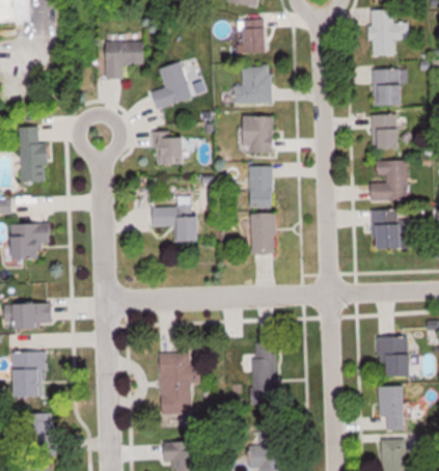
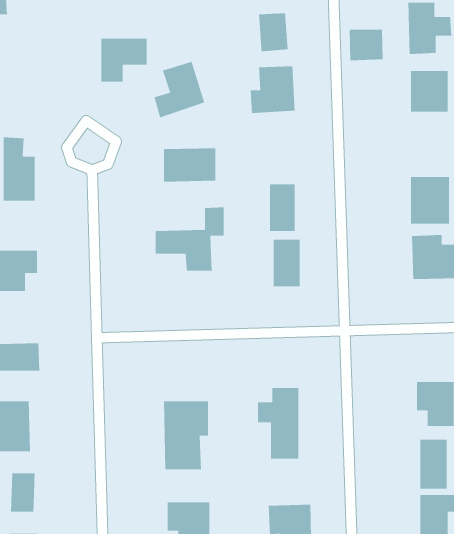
building: none -> [349,29,384,61]
building: [369,113,399,148] -> none
building: [243,114,275,151] -> none

